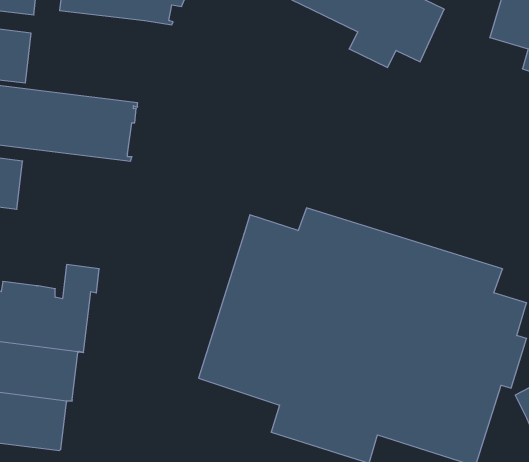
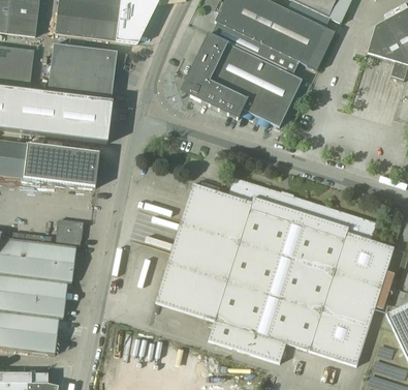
building: none -> [186,34,302,121]
building: none -> [48,43,127,96]
building: none -> [23,143,99,186]

